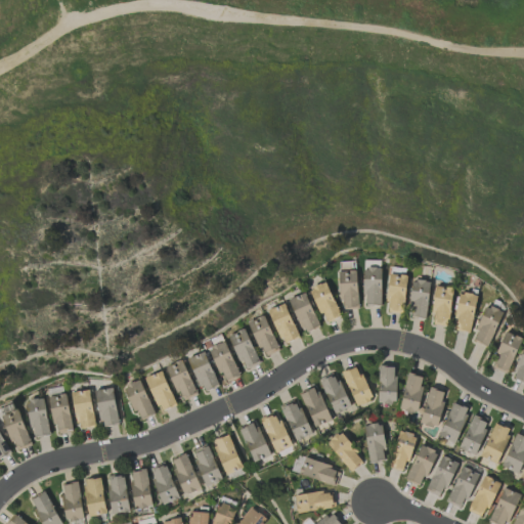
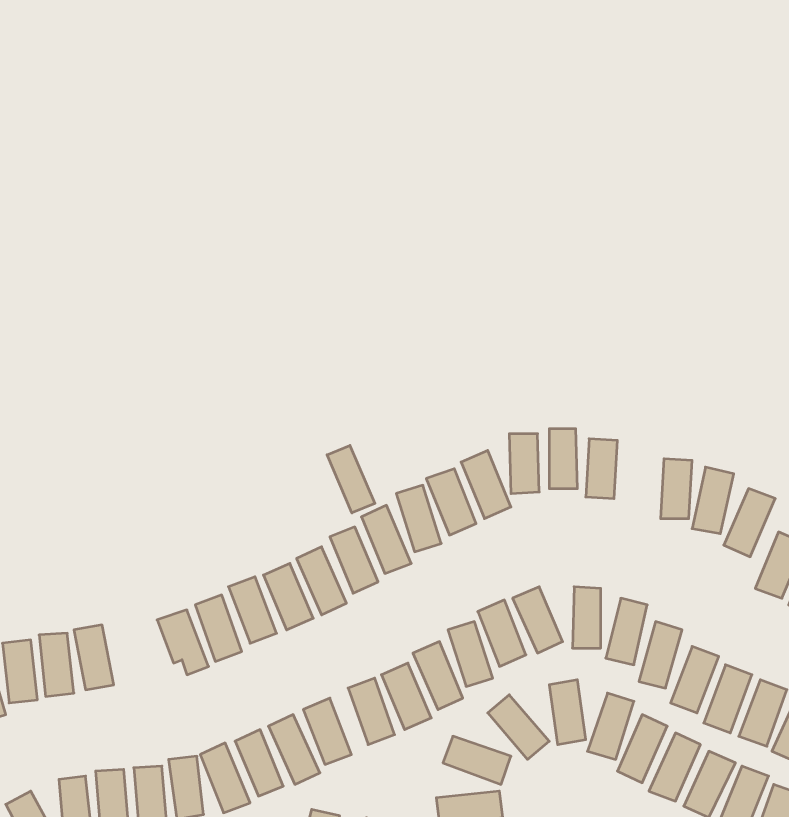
building: none -> [327,445,375,513]
building: [409,280,429,318] -> none
building: [97,388,119,426] -> none

